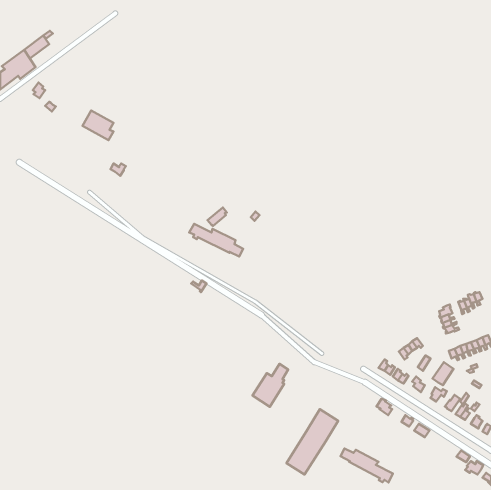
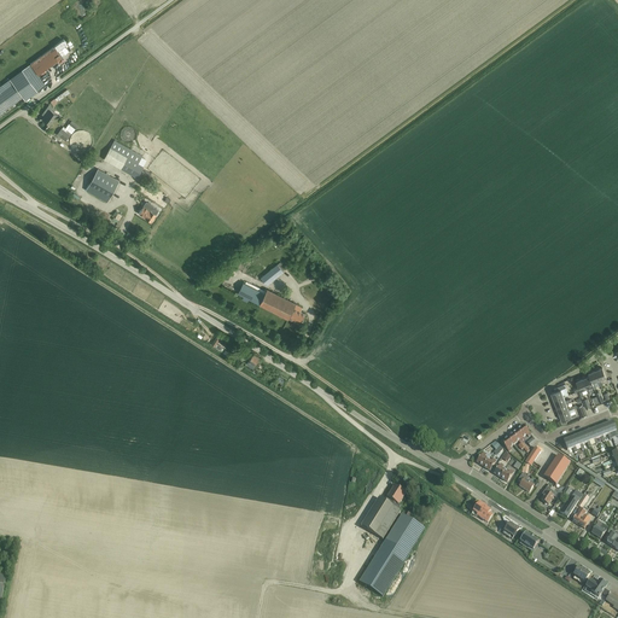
building: none -> [86,168,118,200]
building: [253,364,288,407] -> [361,485,406,540]
building: [341,449,393,483] -> none

